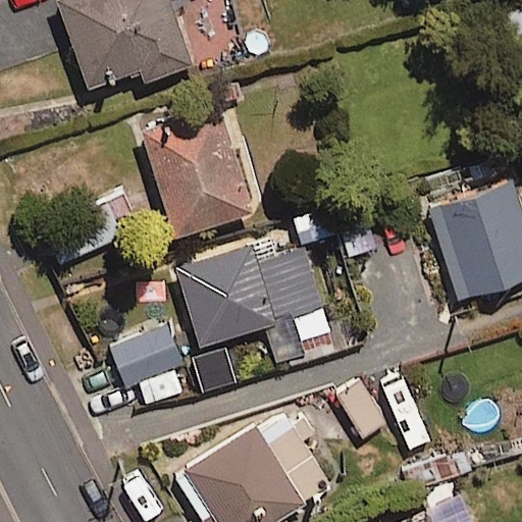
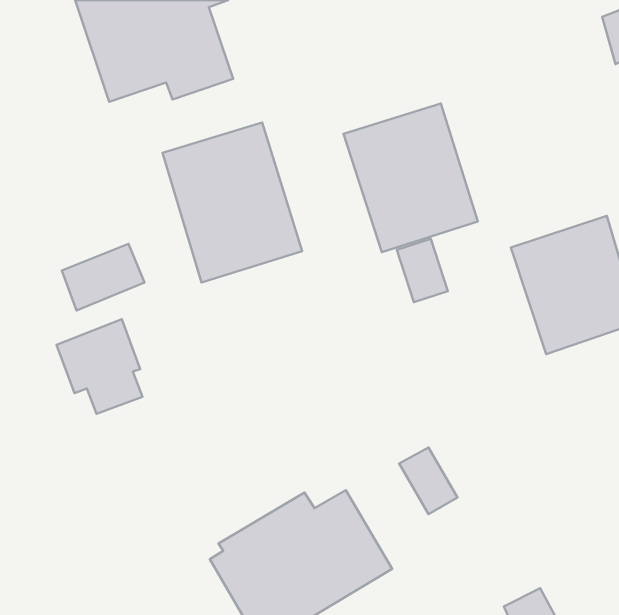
building: none -> [343,104,478,252]
building: [177,232,329,340] -> none
building: [112,328,185,408] -> [56,319,143,414]

